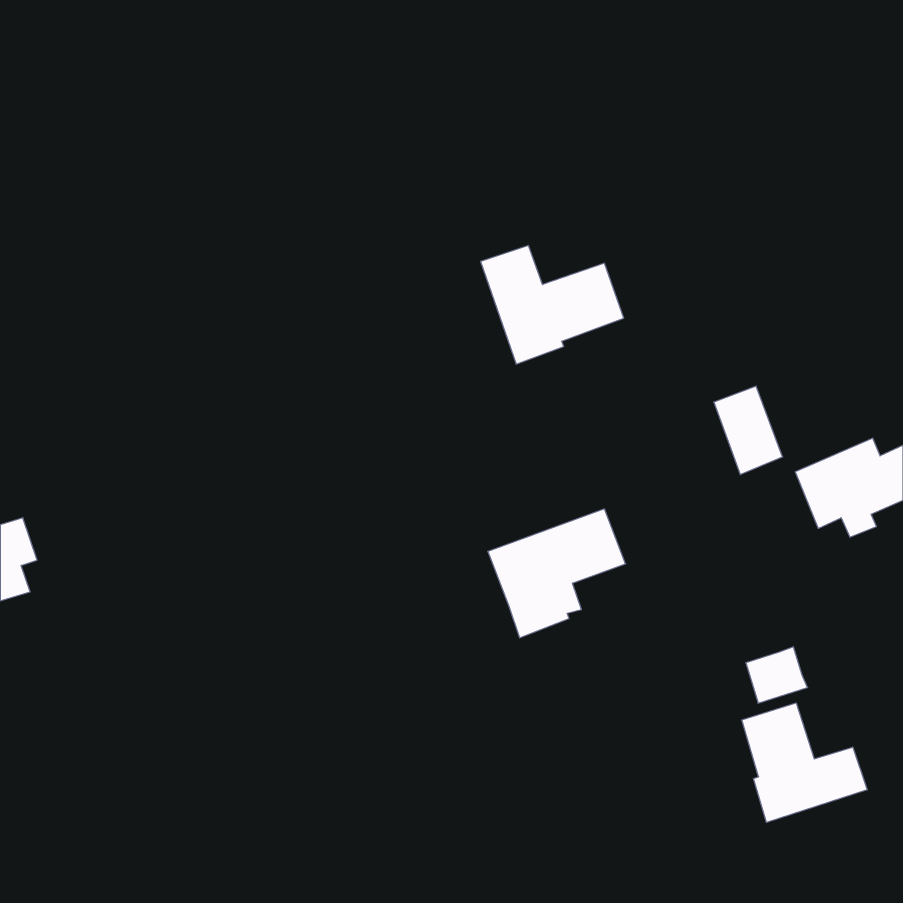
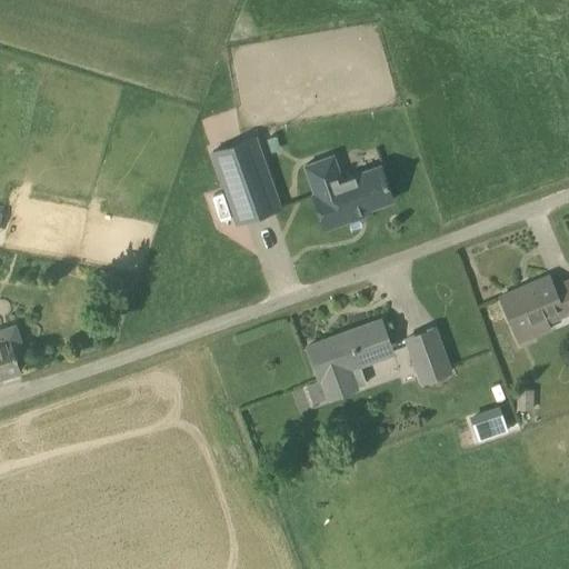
building: none -> [212,137,280,223]
building: [714,386,783,475] -> [407,328,450,383]
building: [742,703,867,822] -> none

